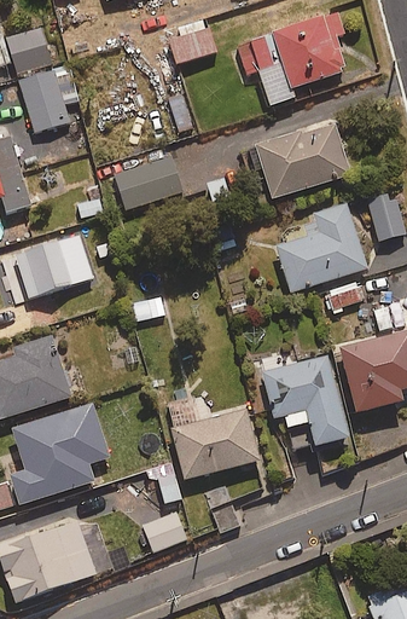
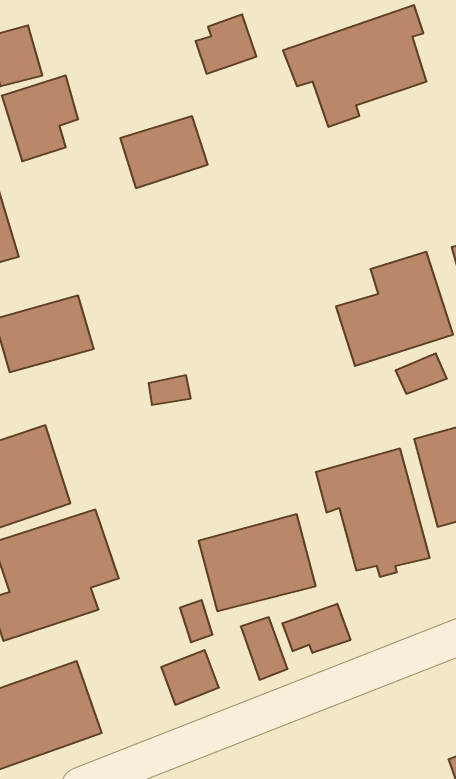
building: [258,122,349,198] -> none
building: [115,154,182,209] -> [120,116,208,188]
building: none -> [282,604,350,653]

